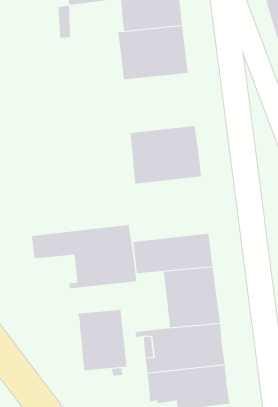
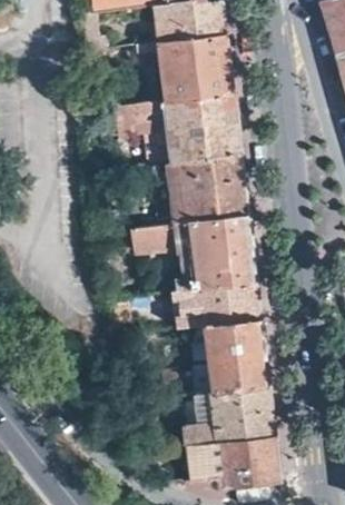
building: none -> [116,95,241,165]
building: [31,225,137,289] -> [134,216,258,291]
building: [78,309,127,371] -> none

